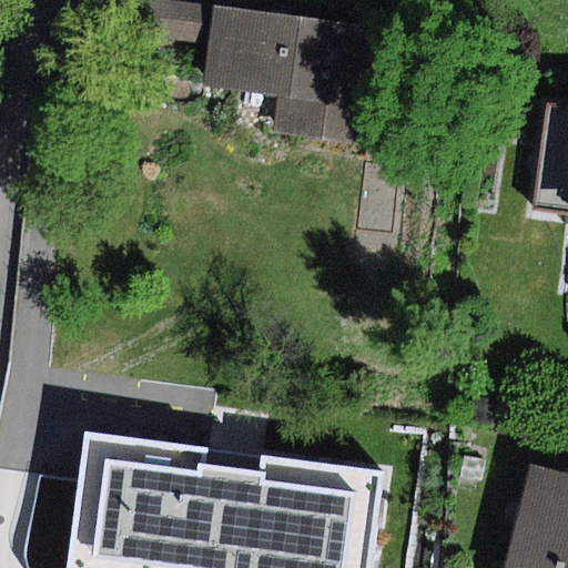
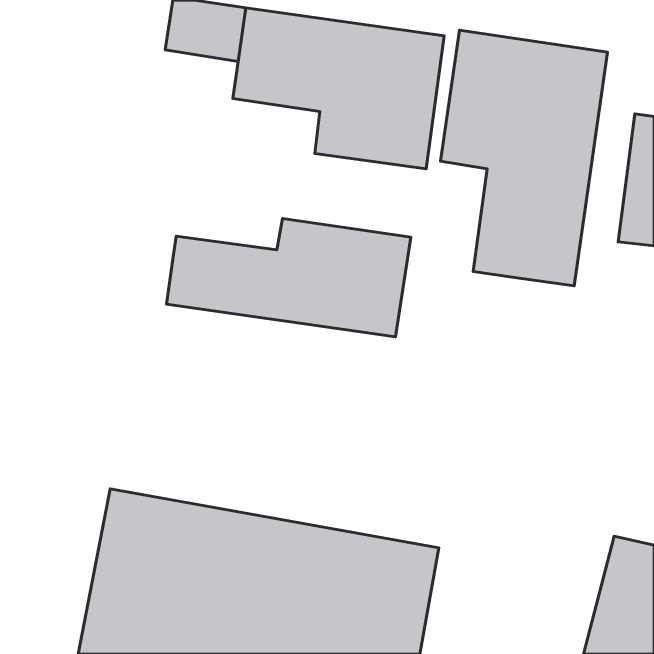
building: none -> [441,30,607,286]
building: none -> [166,218,411,337]

